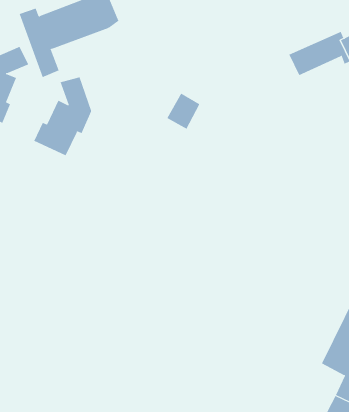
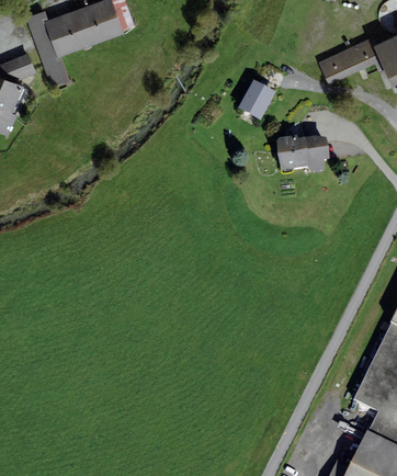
building: [33,76,92,156] -> none
building: [167,93,200,129] -> [239,83,275,123]
building: none -> [277,138,330,175]

